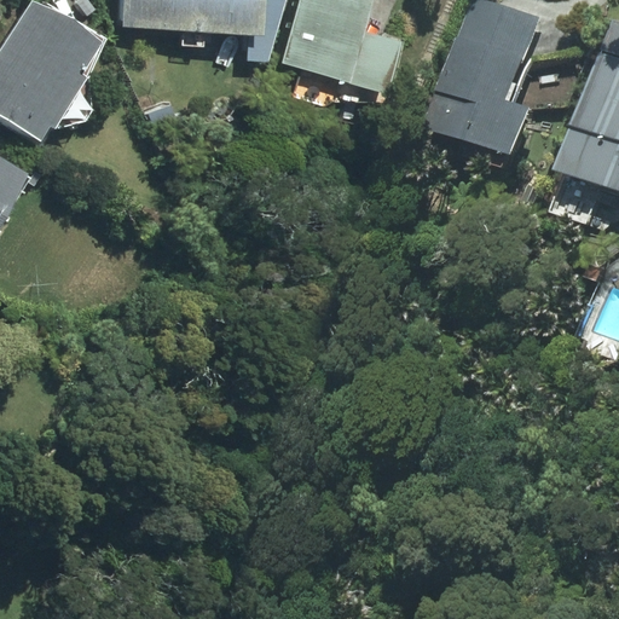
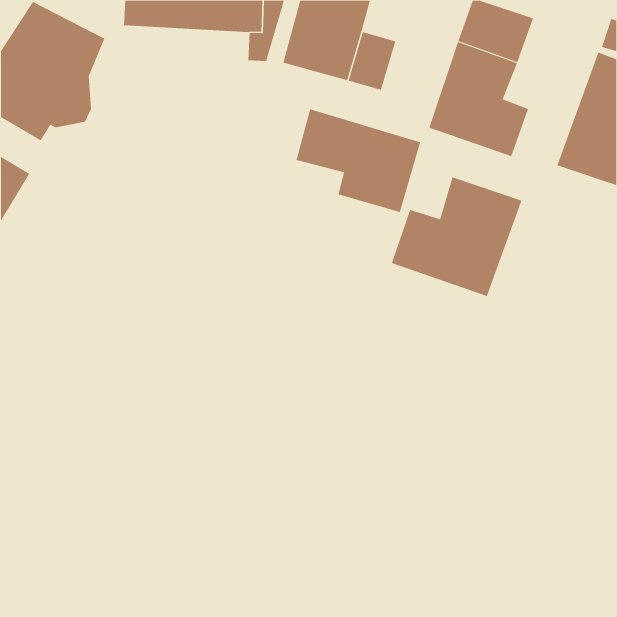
building: none -> [296,108,421,213]
building: none -> [391,177,522,297]

